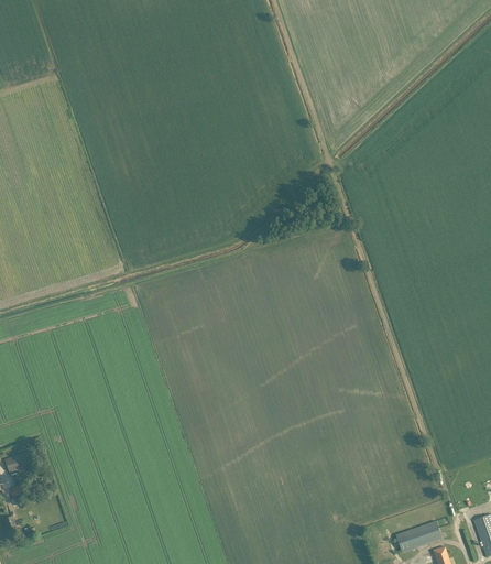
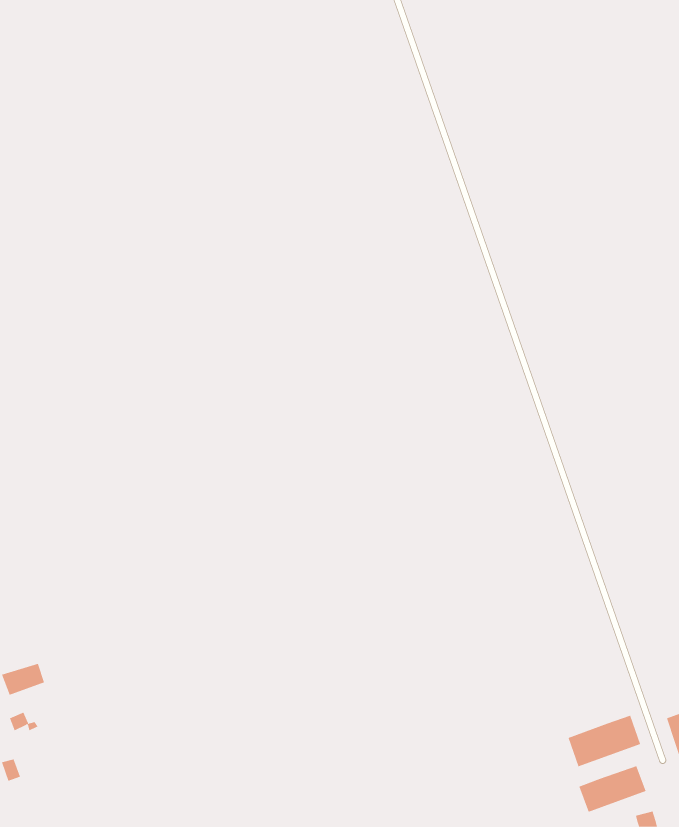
building: none -> [568,715,641,767]

